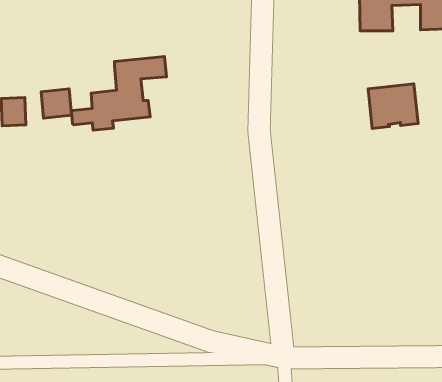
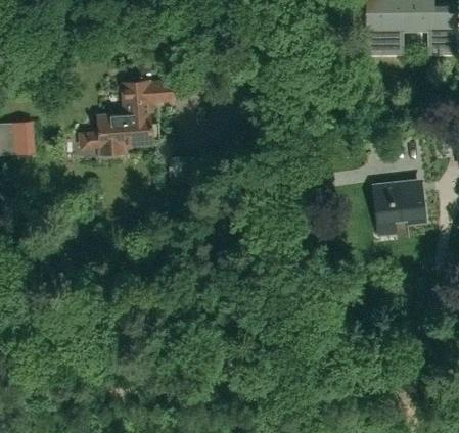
building: [368,84,418,129] -> [372,181,422,226]
building: [41,89,72,118] -> none

